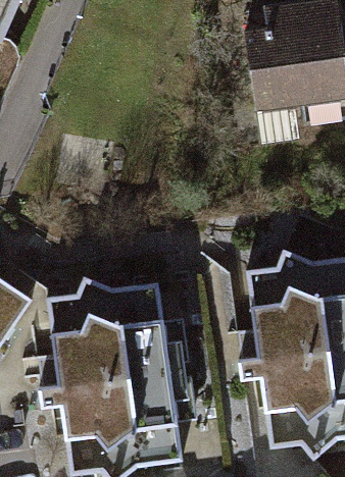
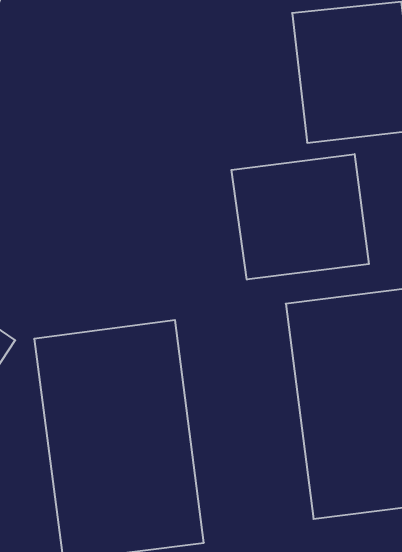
building: none -> [231,154,369,280]

